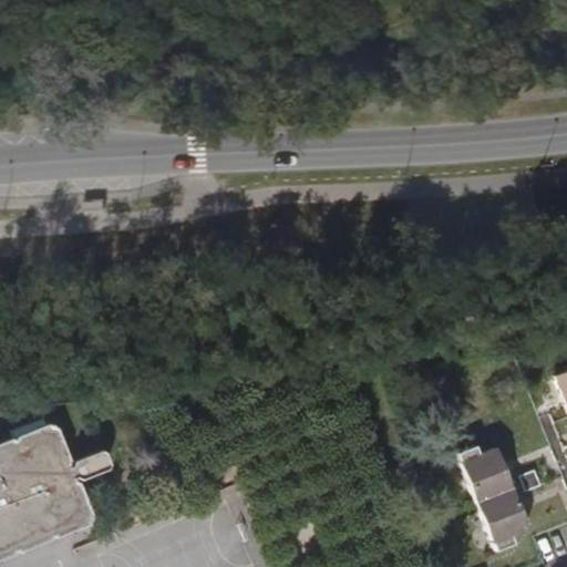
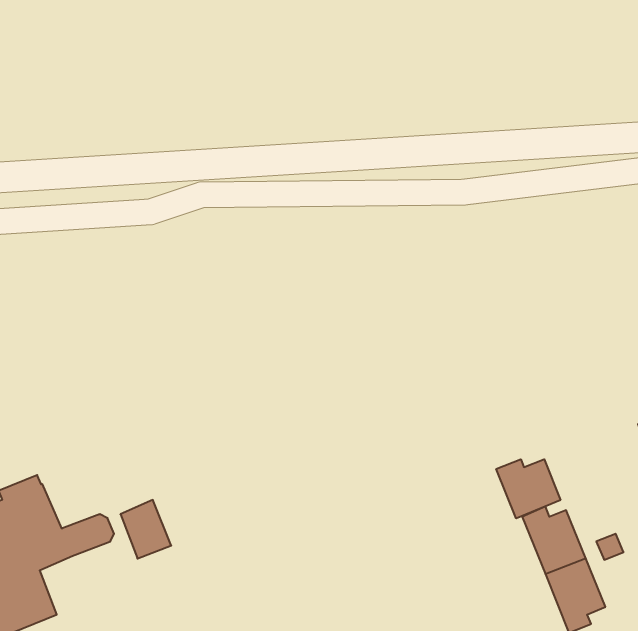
building: none -> [496,459,560,518]
building: [48,484,91,534] -> [120,500,171,559]

